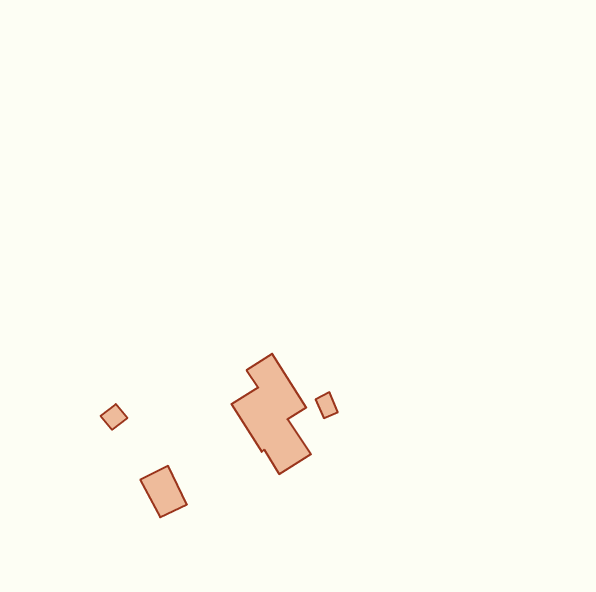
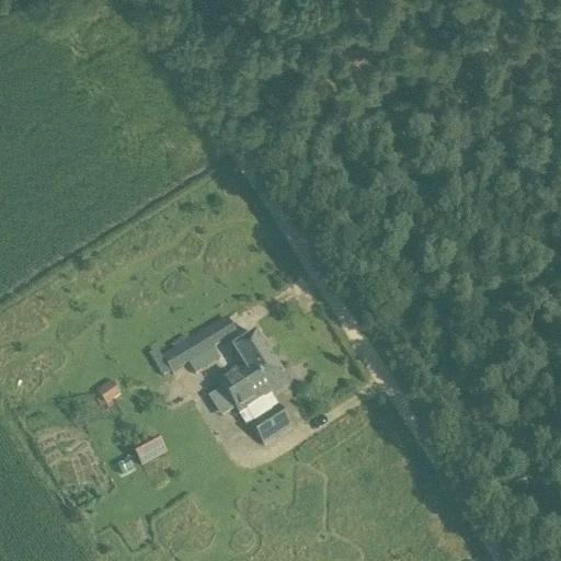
building: none -> [160,305,251,373]

